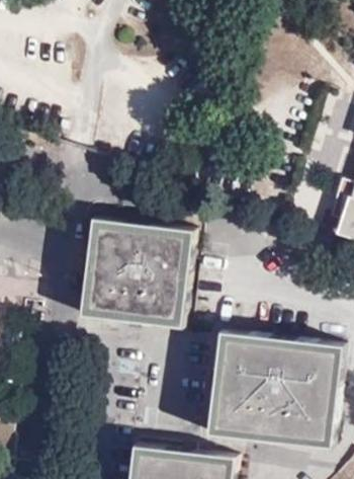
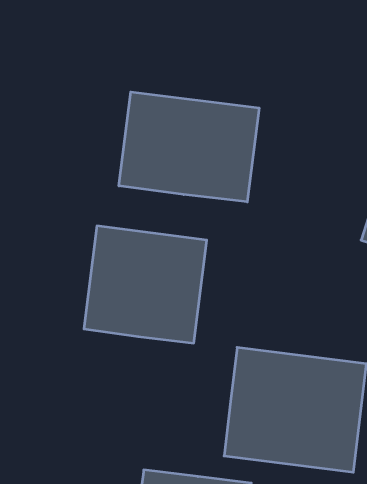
building: none -> [119,92,259,202]

